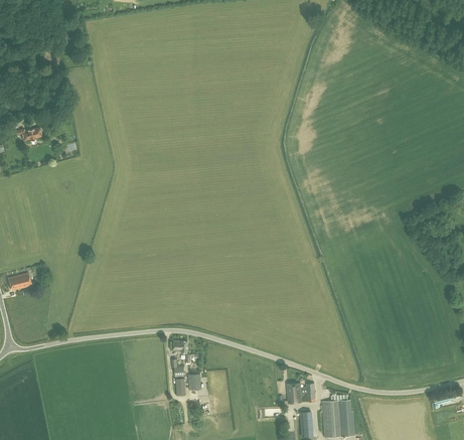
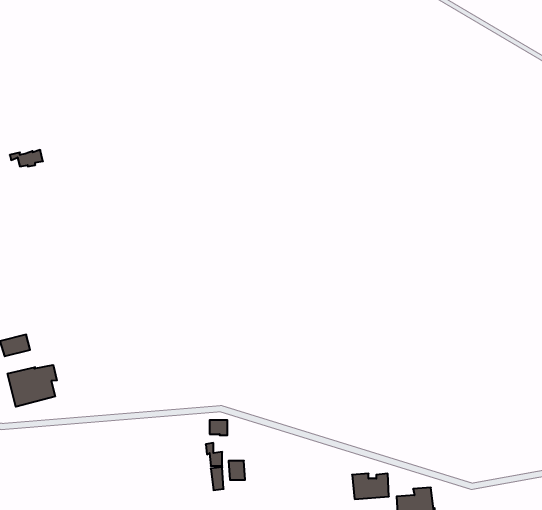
building: none -> [8,365,57,407]

